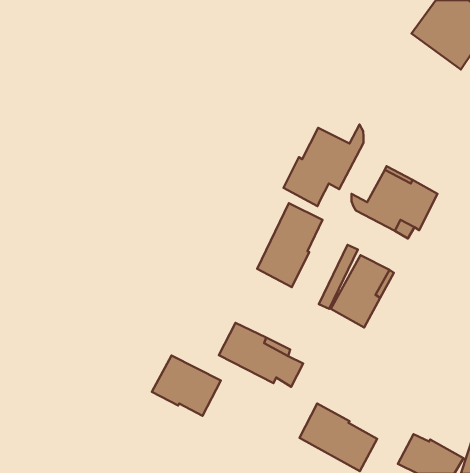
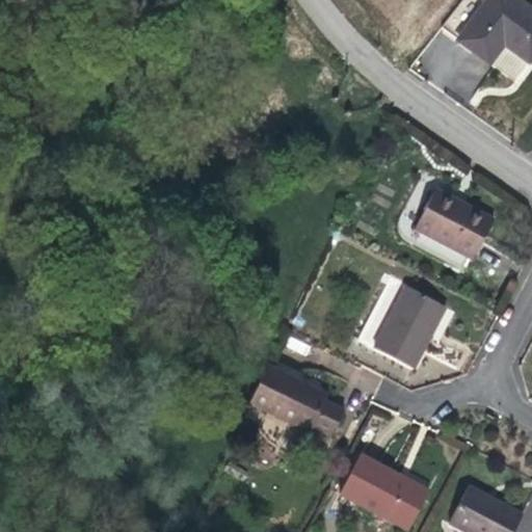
building: [284,125,364,206] -> none
building: [257,203,323,287] -> none
building: [152,355,221,416] -> none

